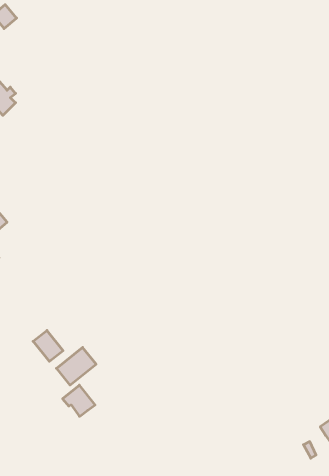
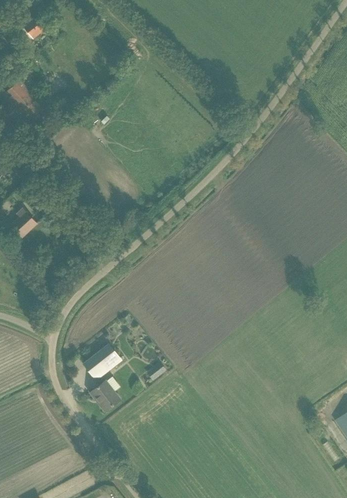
building: [33,330,63,361] -> none

